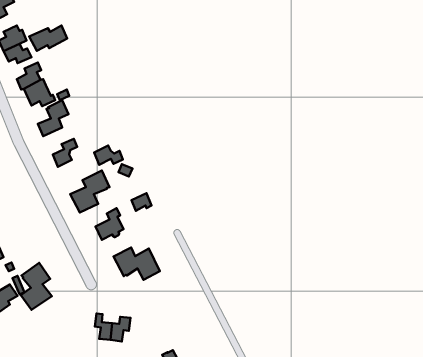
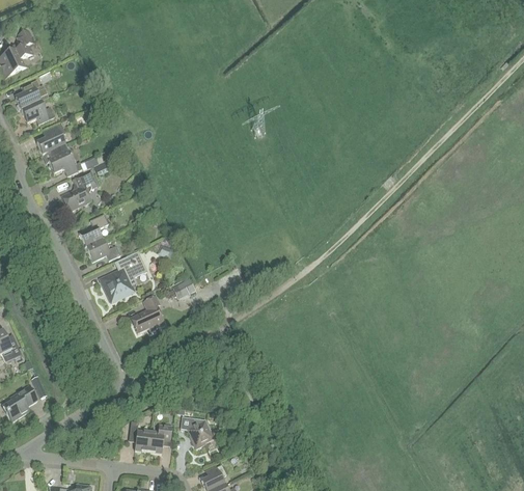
building: [29,25,67,51] -> none
building: [94,146,123,165] -> [85,239,119,262]
building: [114,248,160,280] -> none
building: [21,263,52,310] -> none
building: none -> [180,416,213,448]

